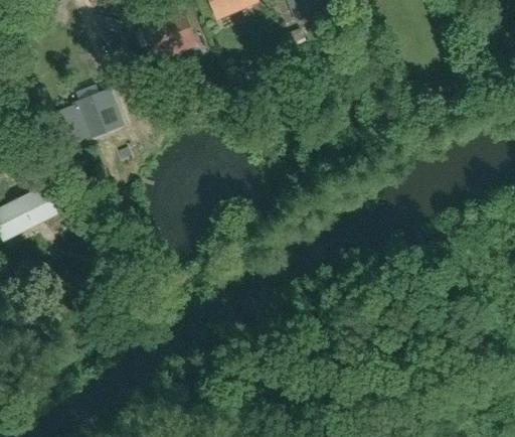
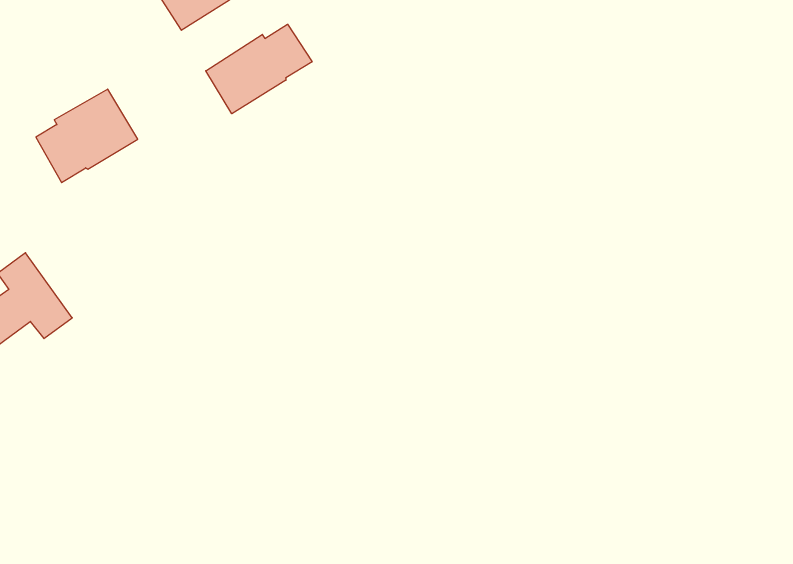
building: none -> [206,24,312,114]

